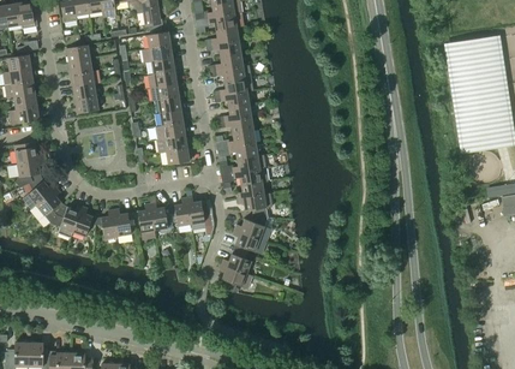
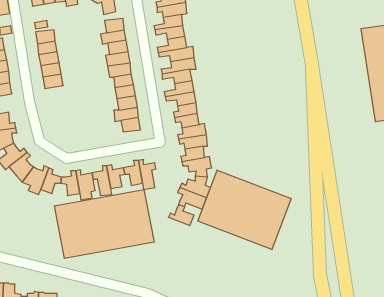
building: none -> [198,170,291,250]
building: none -> [54,189,154,258]
building: [220,263,252,291] -> none

